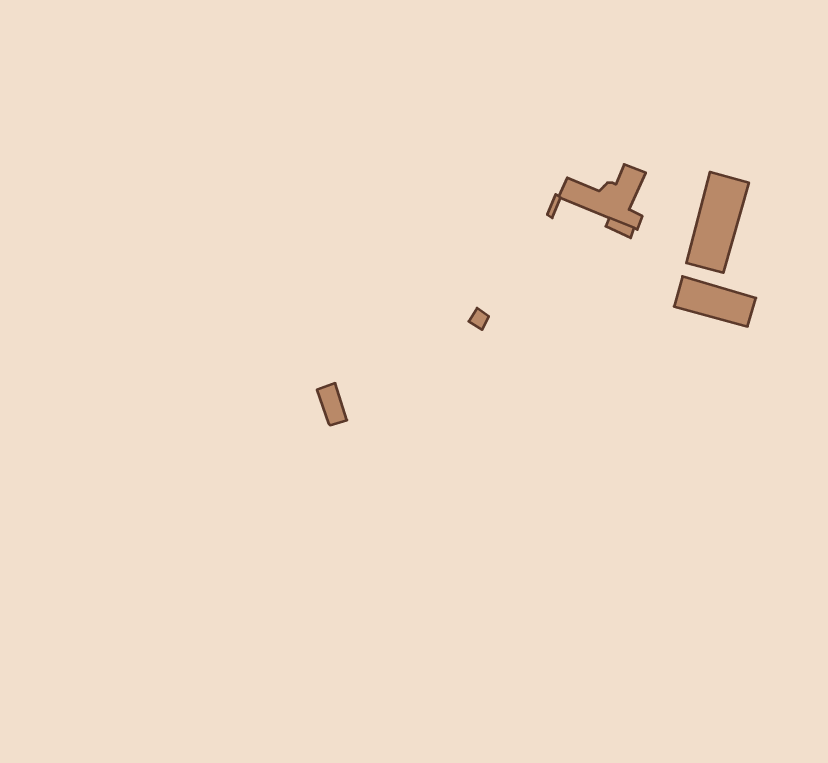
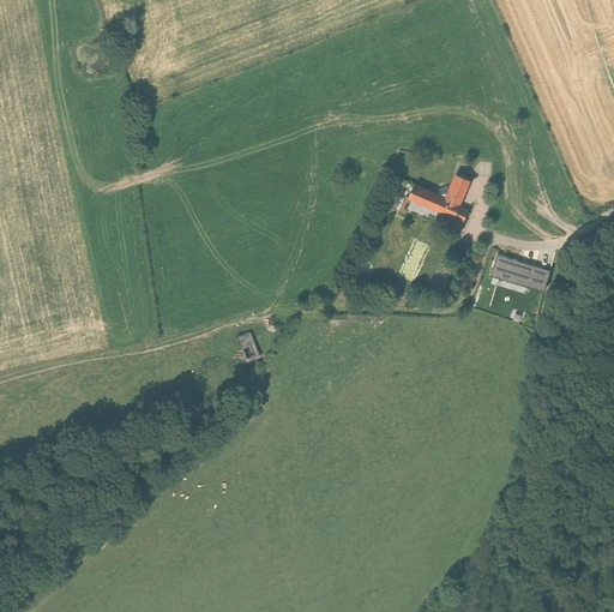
building: [686,172,749,273] -> none

